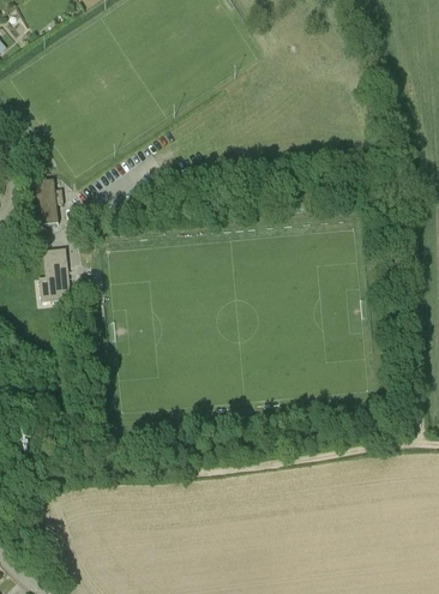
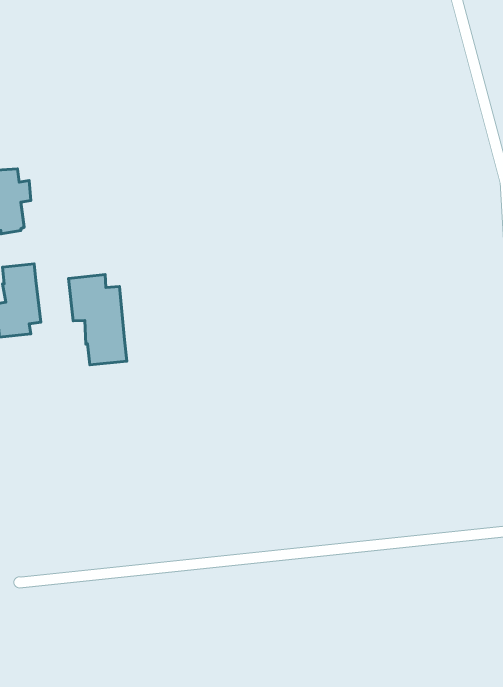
building: none -> [68,275,127,365]

